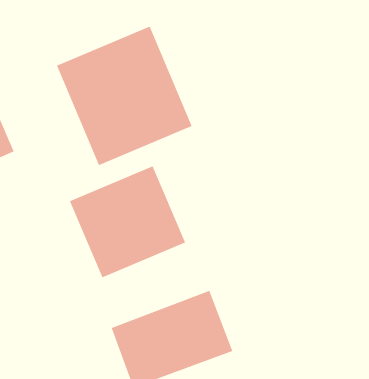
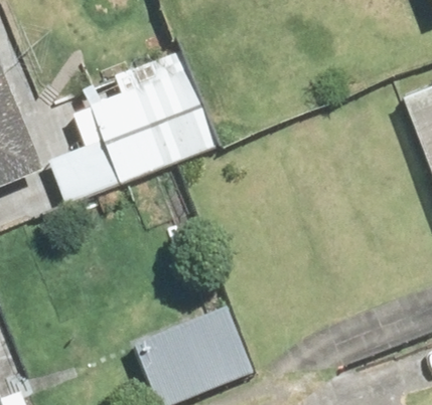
building: [69,165,186,278] -> none

